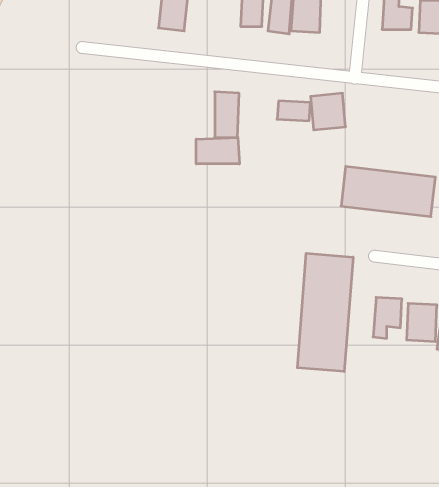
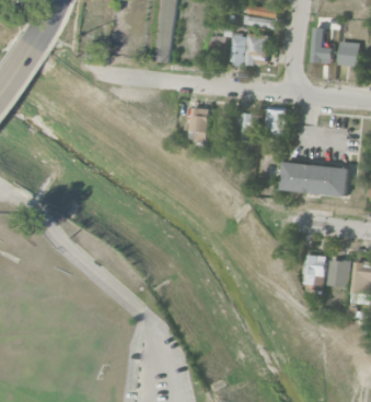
building: [196,137,239,164] -> none
building: [297,253,353,372] -> none

